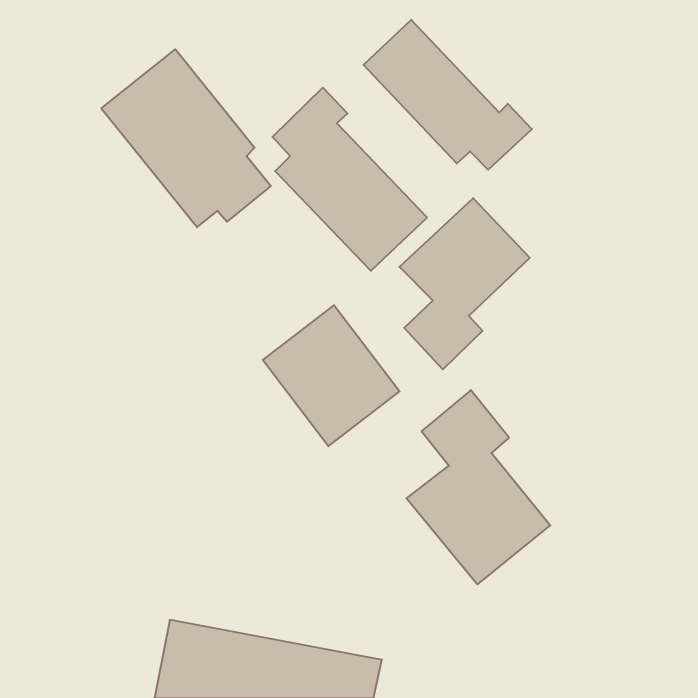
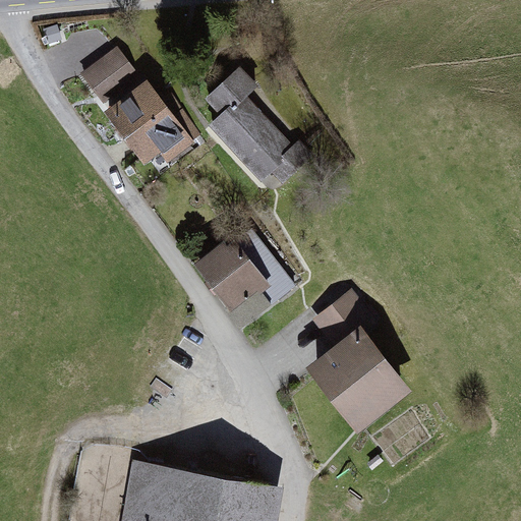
building: [364,20,532,170] -> none
building: [399,198,530,369] -> none

